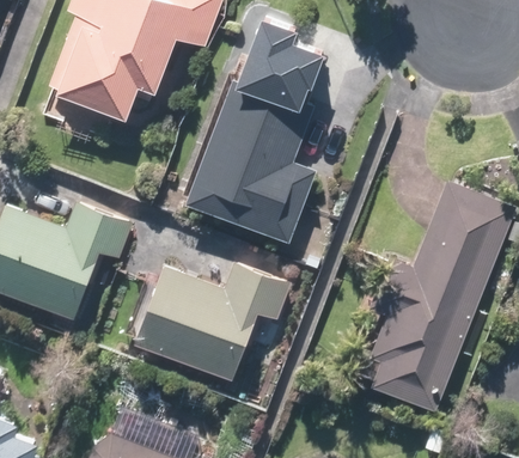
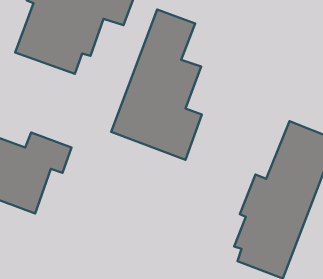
building: [133,262,291,380] -> none

